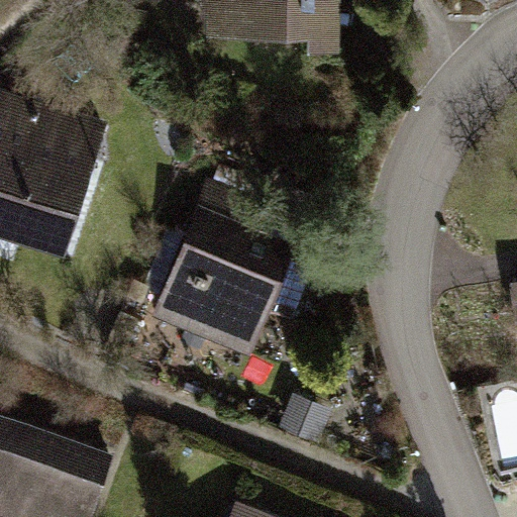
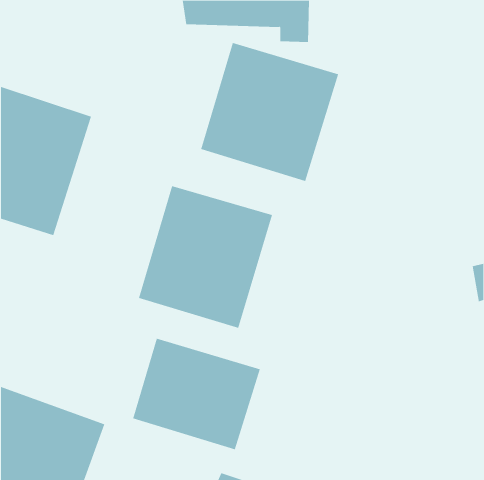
building: none -> [200,42,339,182]
building: none -> [133,338,261,450]

